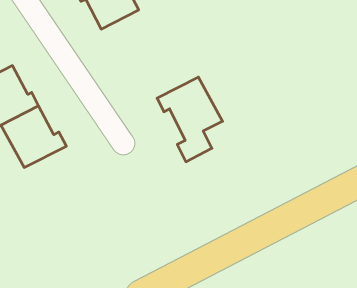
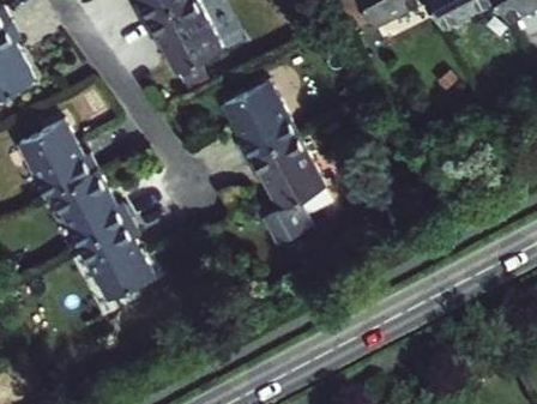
building: none -> [223,82,296,162]
building: none -> [79,222,152,302]

